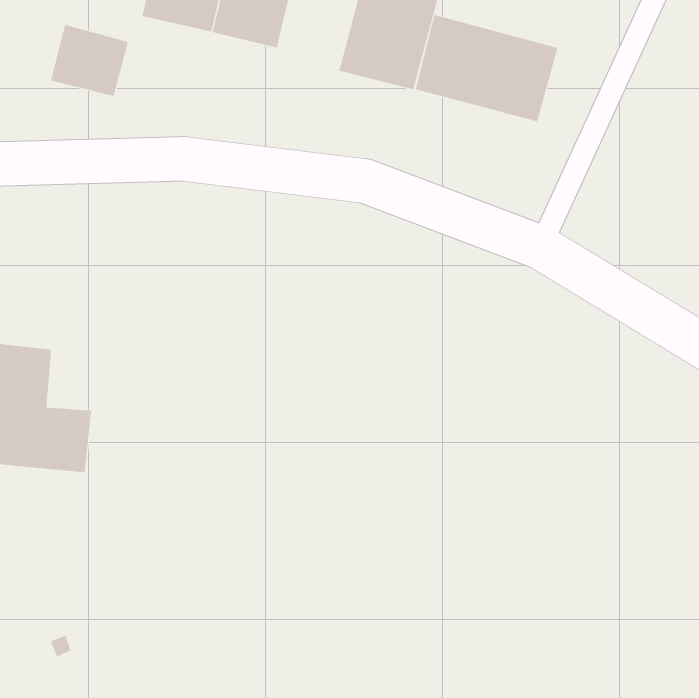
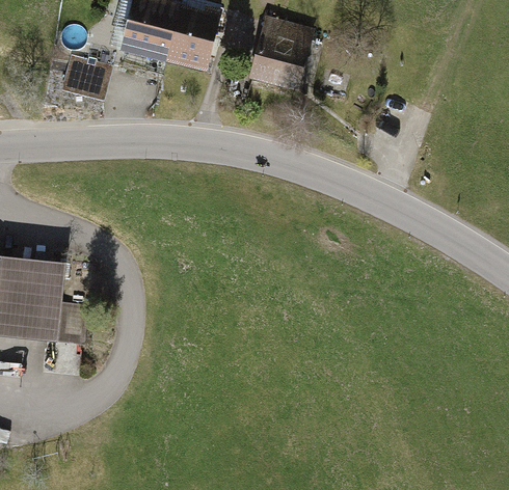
building: [415,14,558,122] -> none

